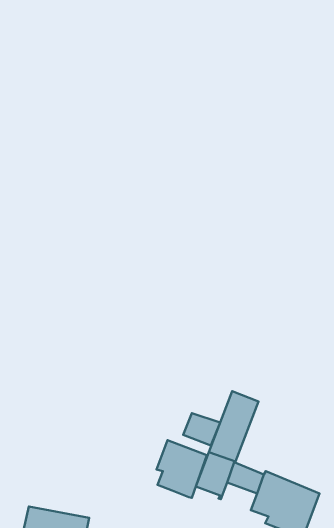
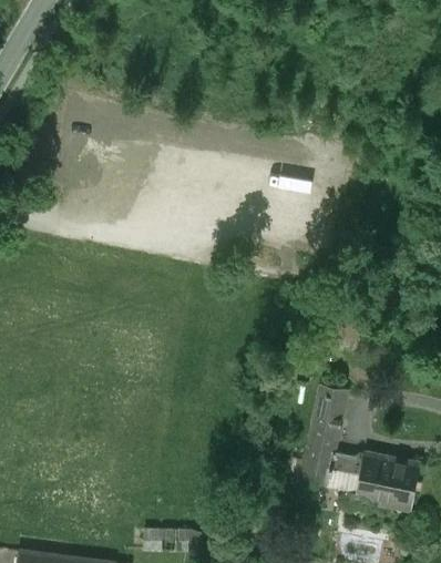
building: [183,413,220,446] -> none
building: [156,440,207,498] -> none

